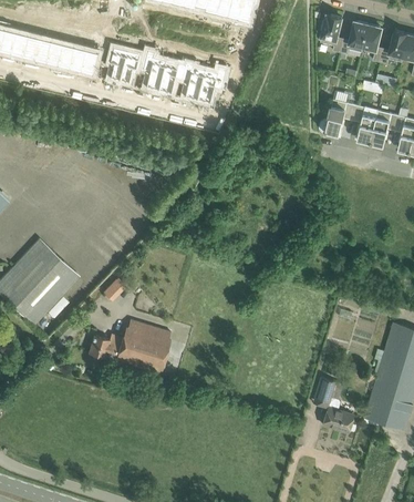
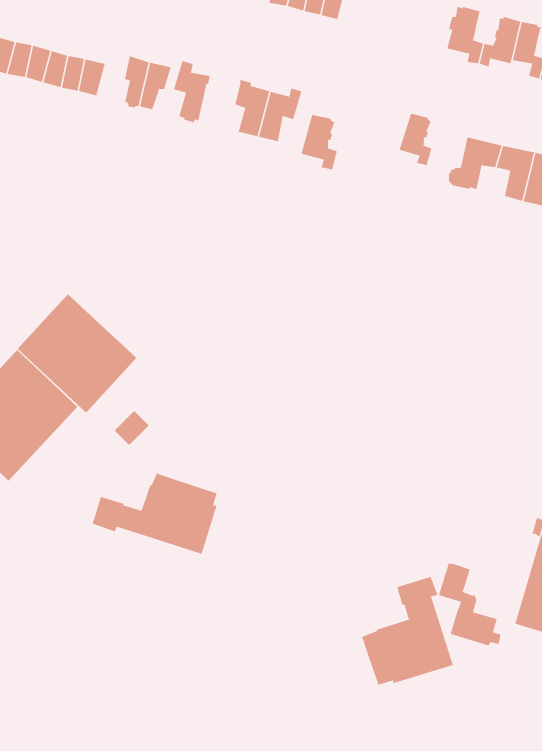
building: [158,63,185,93] -> none
building: none -> [399,113,432,166]
building: none -> [301,114,337,170]
building: none -> [17,293,137,413]
building: none -> [361,576,454,685]

